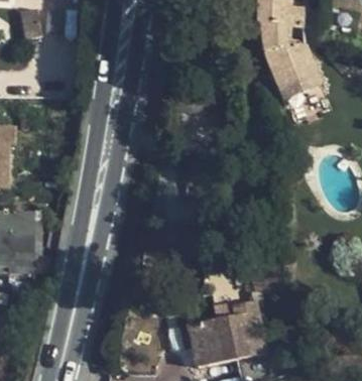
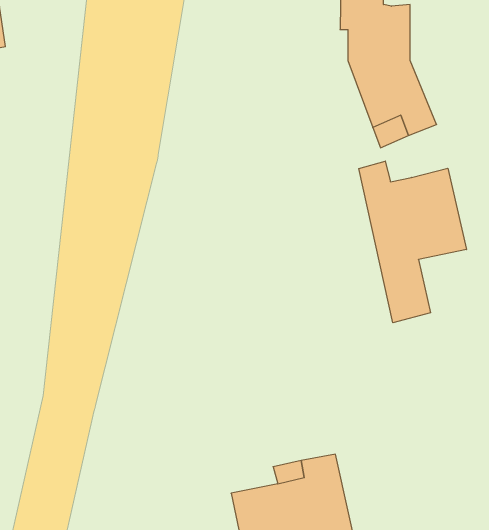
building: none -> [359,161,466,323]

